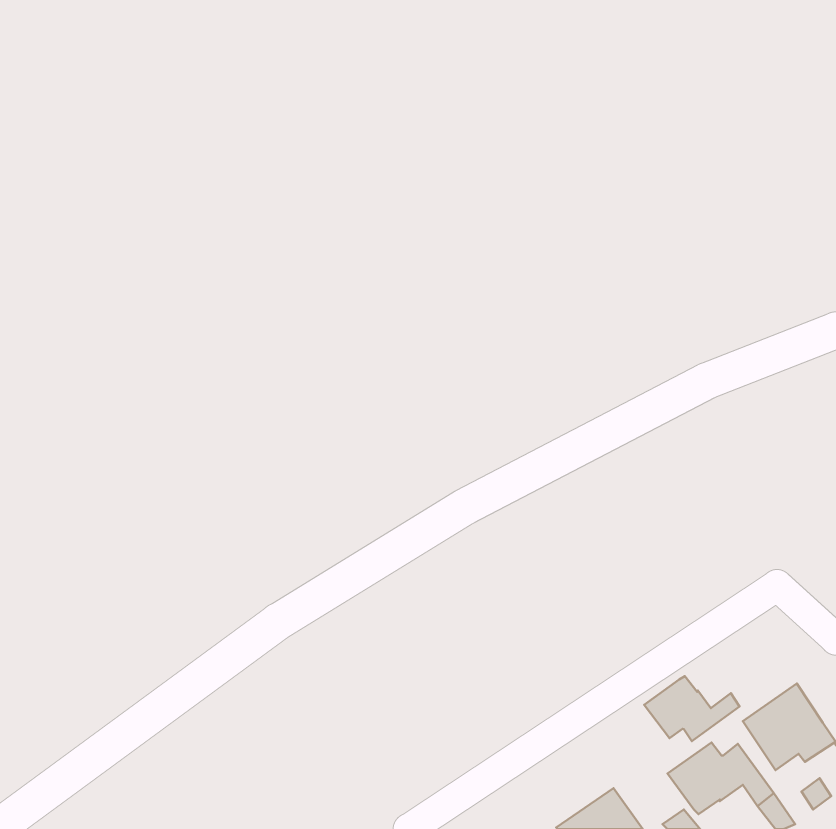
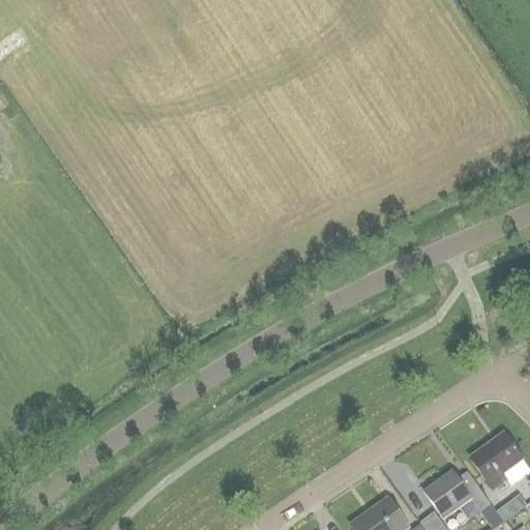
building: [644,676,740,741] -> none

